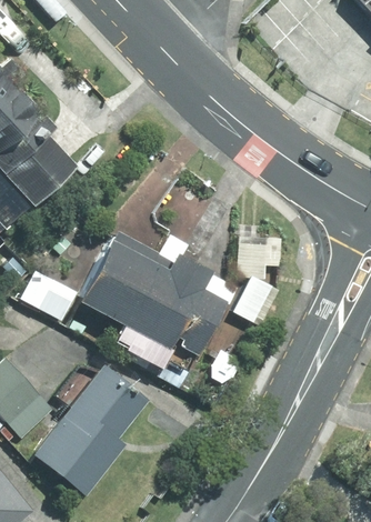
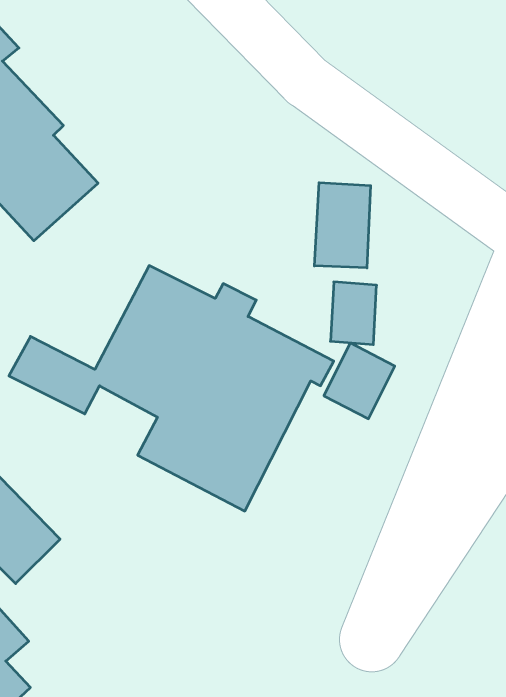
building: none -> [314,183,371,268]
building: [29,365,147,499] -> none

